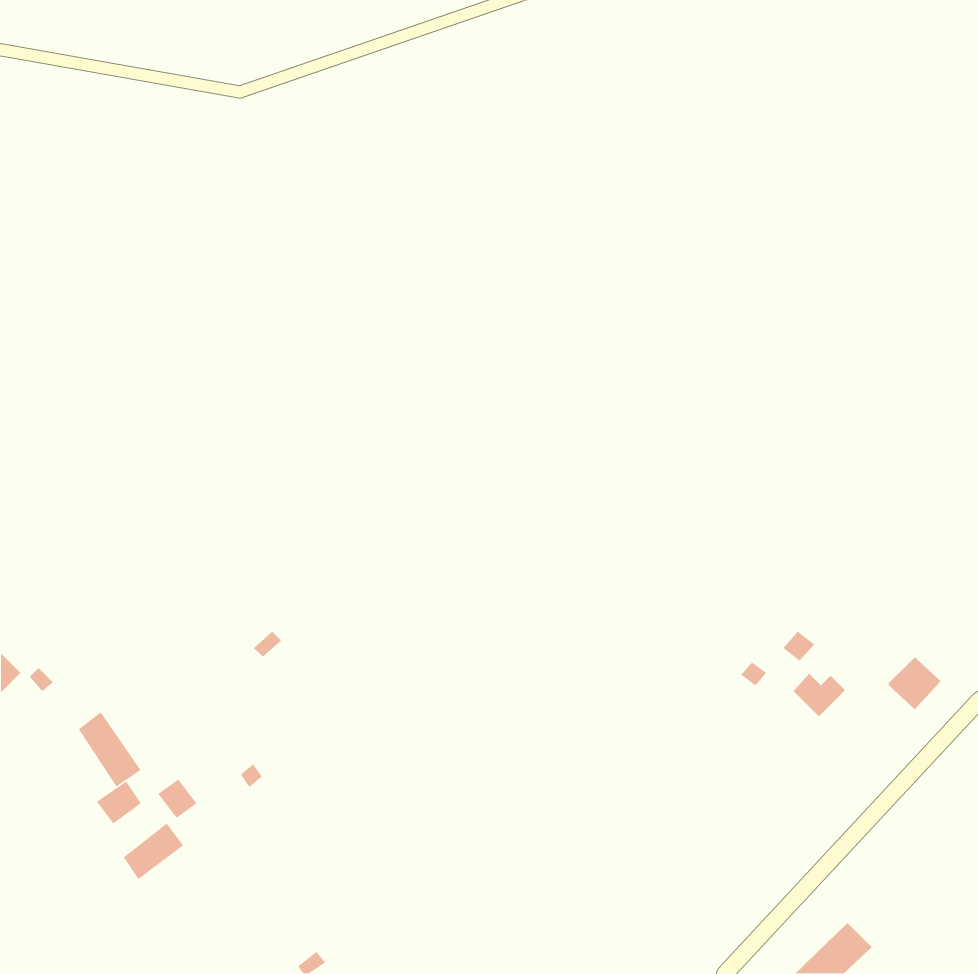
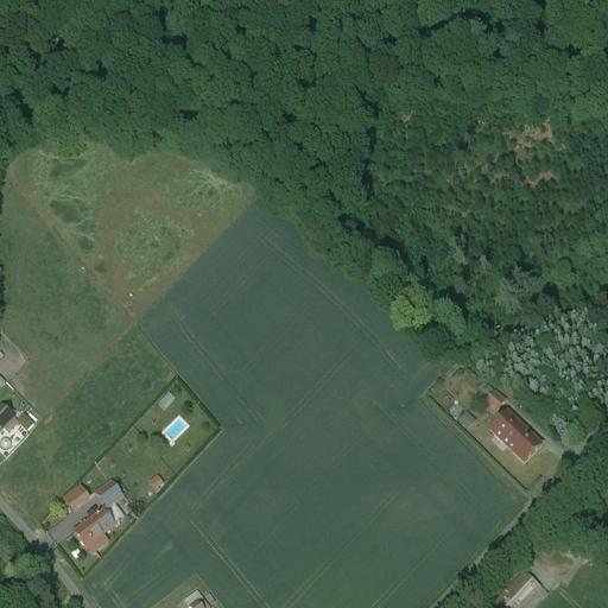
building: [888,656,942,710] -> [508,428,542,461]
building: [78,711,141,787] -> none

